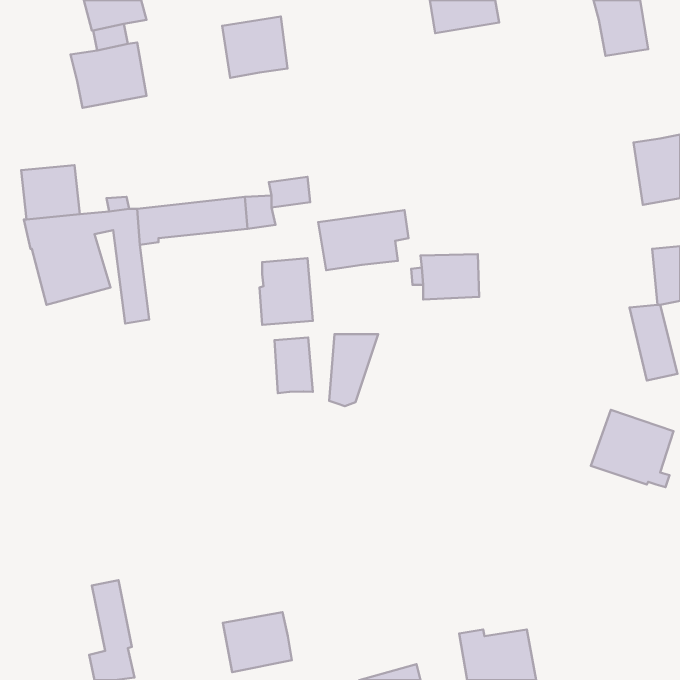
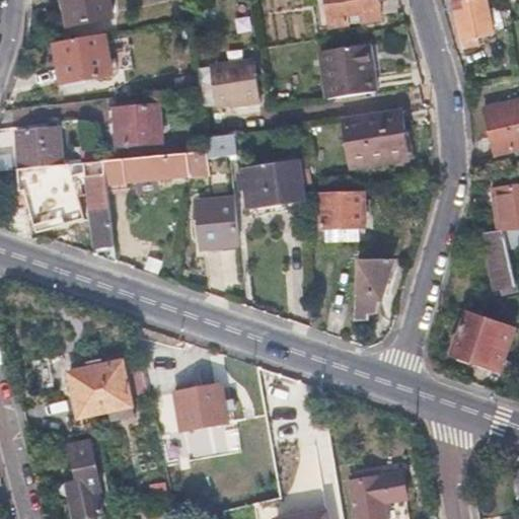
building: [222,17,287,78] -> [209,61,258,107]
building: none -> [322,44,376,98]
building: none -> [113,101,161,145]
building: none -> [343,109,405,168]
building: [329,334,378,406] -> [354,262,391,316]
building: [274,337,313,393] -> none
building: none -> [68,360,131,418]
building: [223,612,292,672] -> [174,385,227,431]

